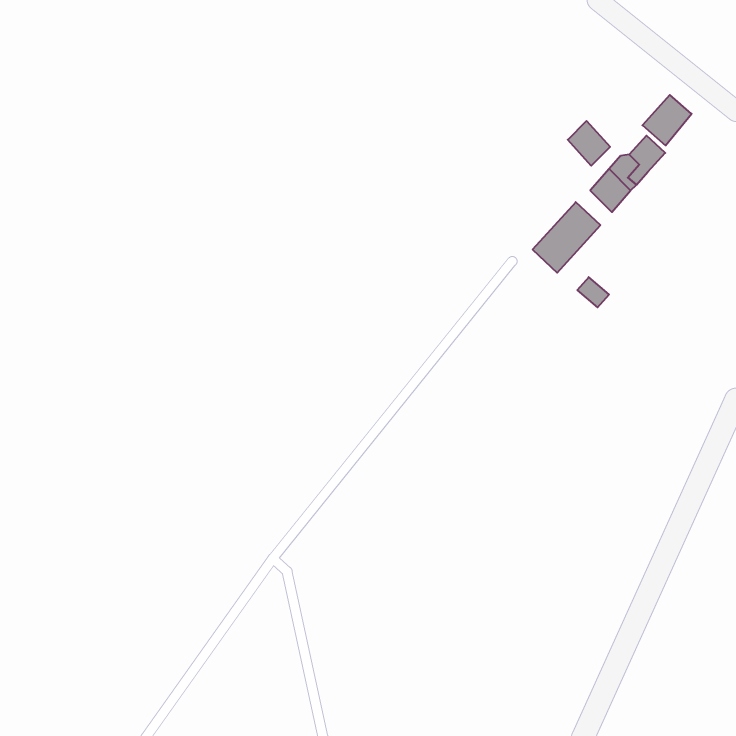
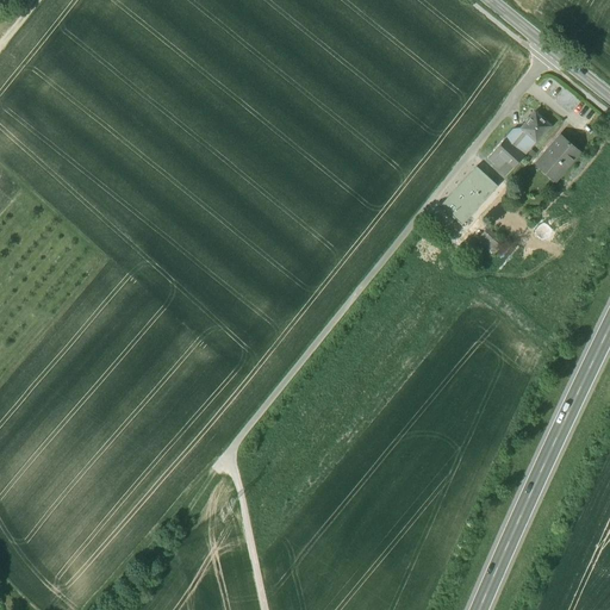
building: [642,95,692,145] -> [537,137,578,179]
building: [568,121,610,166] -> none

